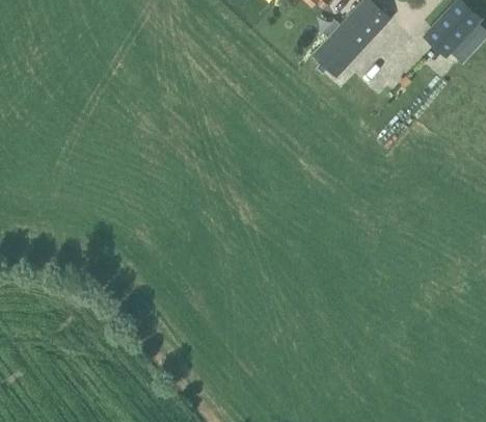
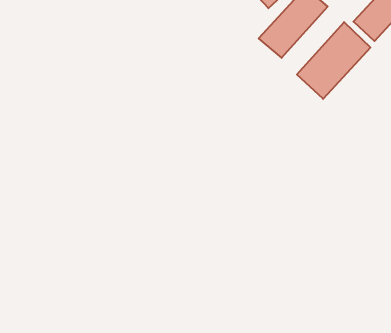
building: none -> [297,22,370,99]

